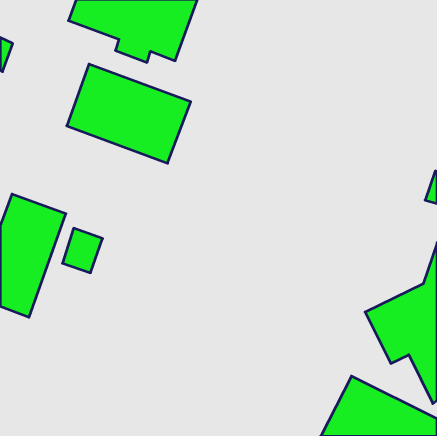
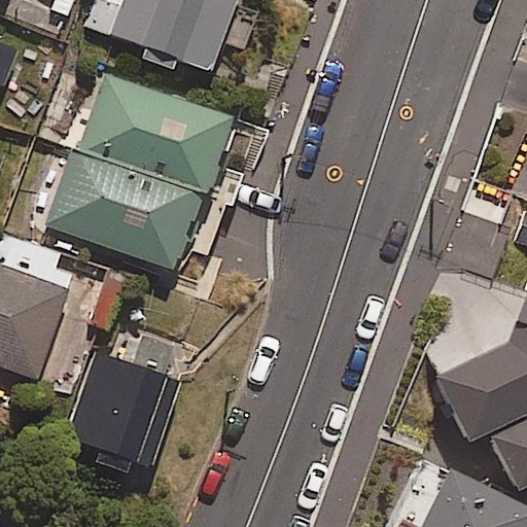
building: none -> [51,151,202,274]
building: none -> [66,336,181,471]

